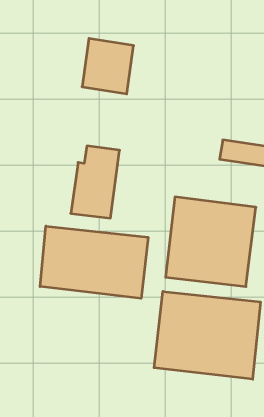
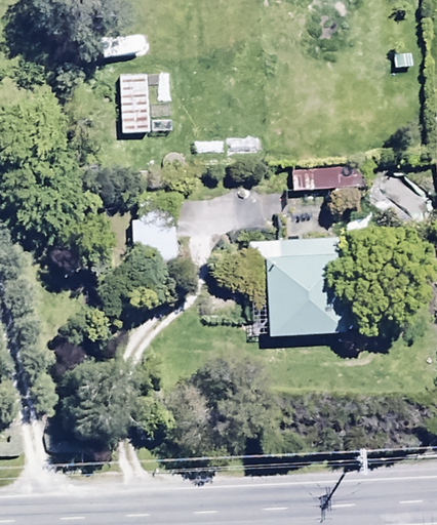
building: [40,226,148,298] -> none
building: [154,291,260,379] -> none

